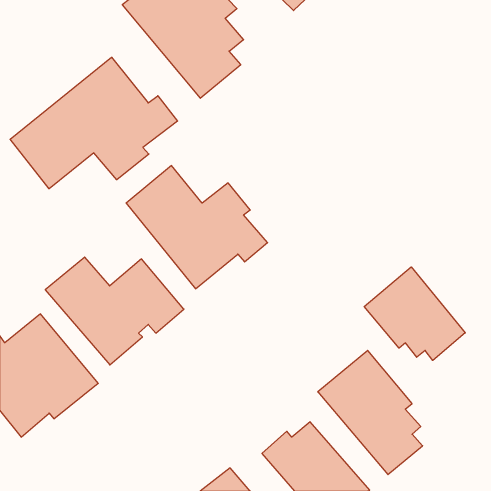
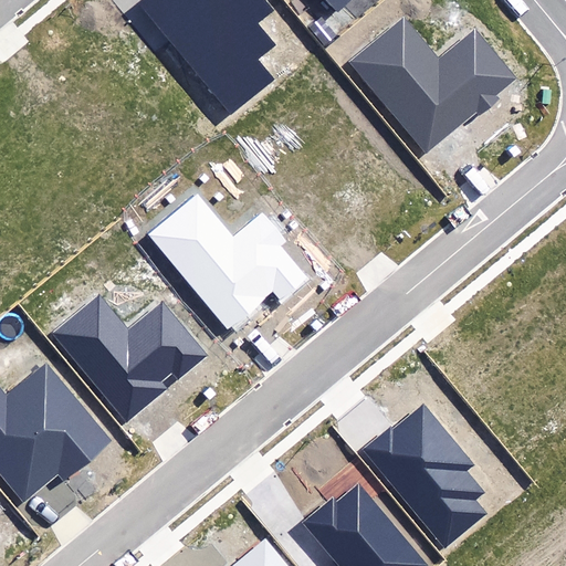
building: none -> [348,17,516,151]
building: [10,57,178,189] -> none
building: [364,267,465,360] -> none

